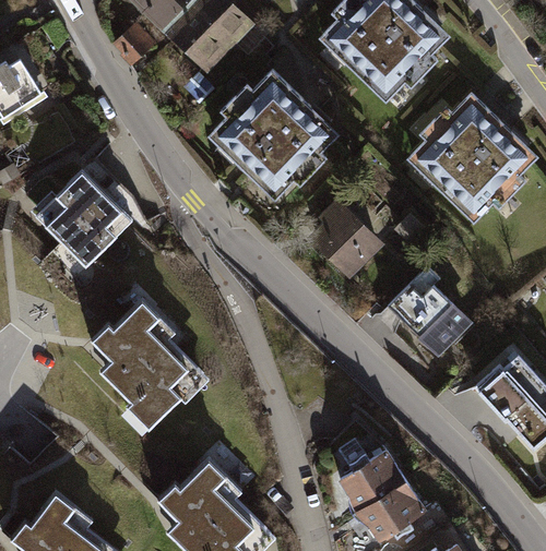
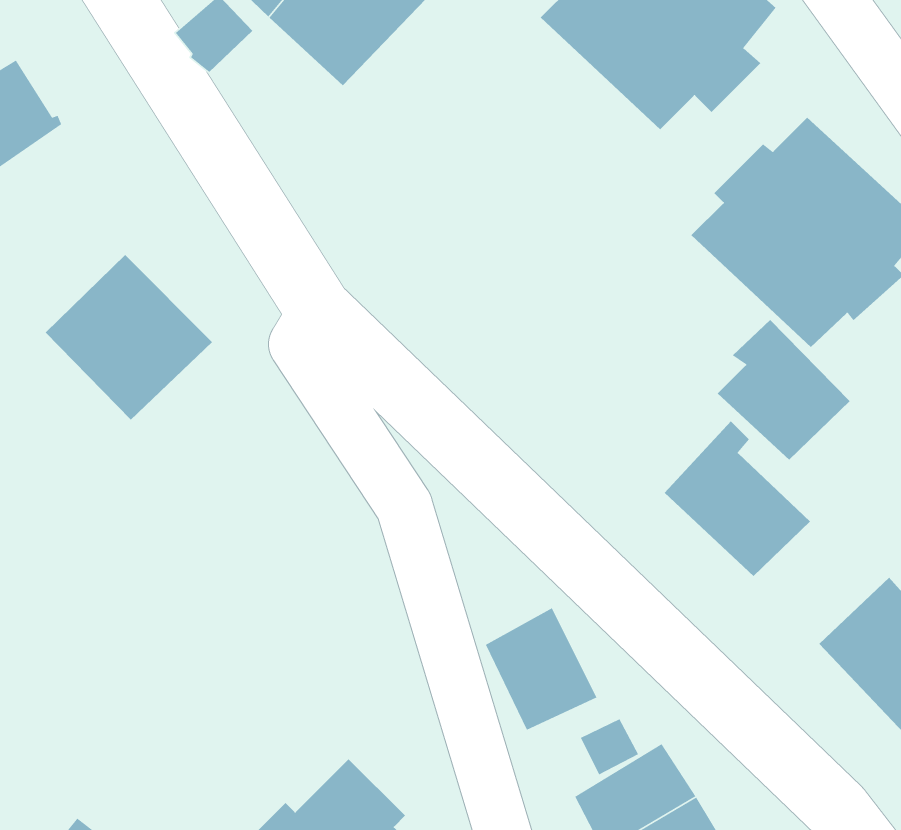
building: [206,68,342,201] -> none
building: [308,199,384,279] -> [717,319,850,460]
building: [88,298,207,428] -> none
building: none -> [485,607,598,731]

